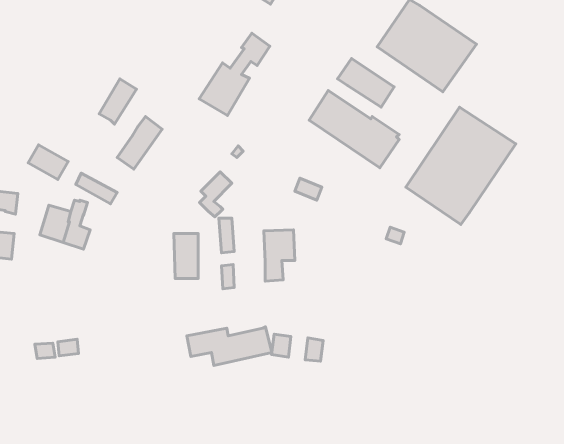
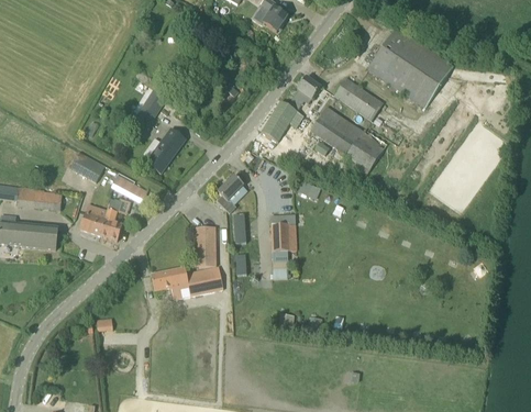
building: [199,33,270,116] -> [259,76,320,146]
building: [406,107,516,224] -> none
building: [187,327,272,365] -> [150,266,222,299]

